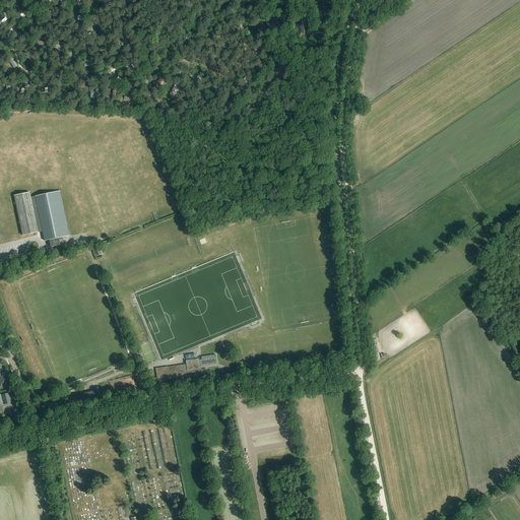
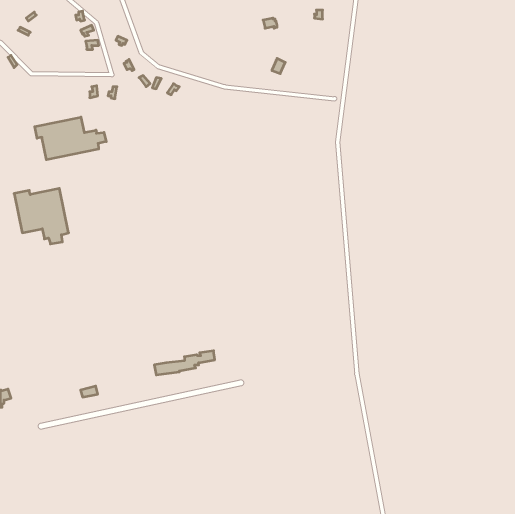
building: none -> [35,117,106,160]

